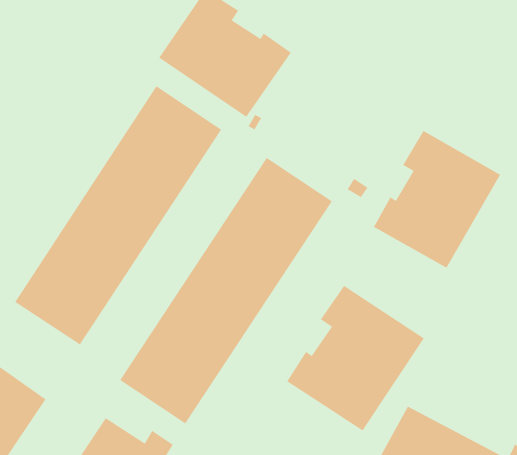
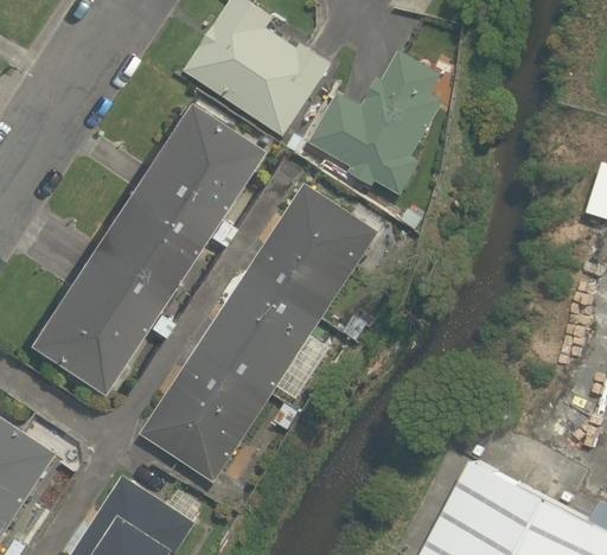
building: none -> [309,49,445,194]
building: [373,130,501,269] -> none
building: [286,285,425,431] -> none

